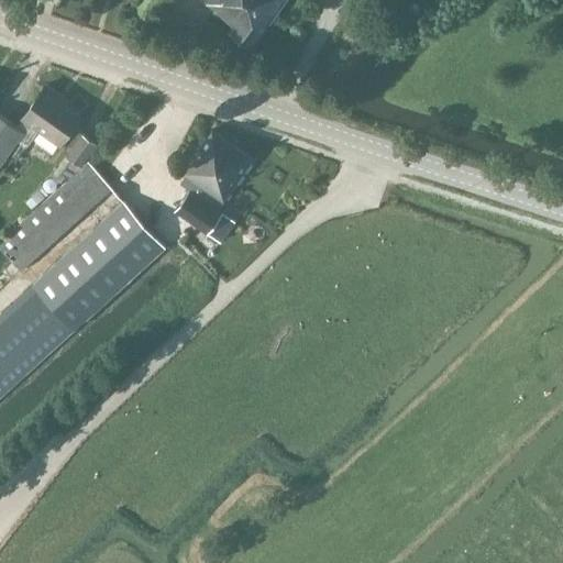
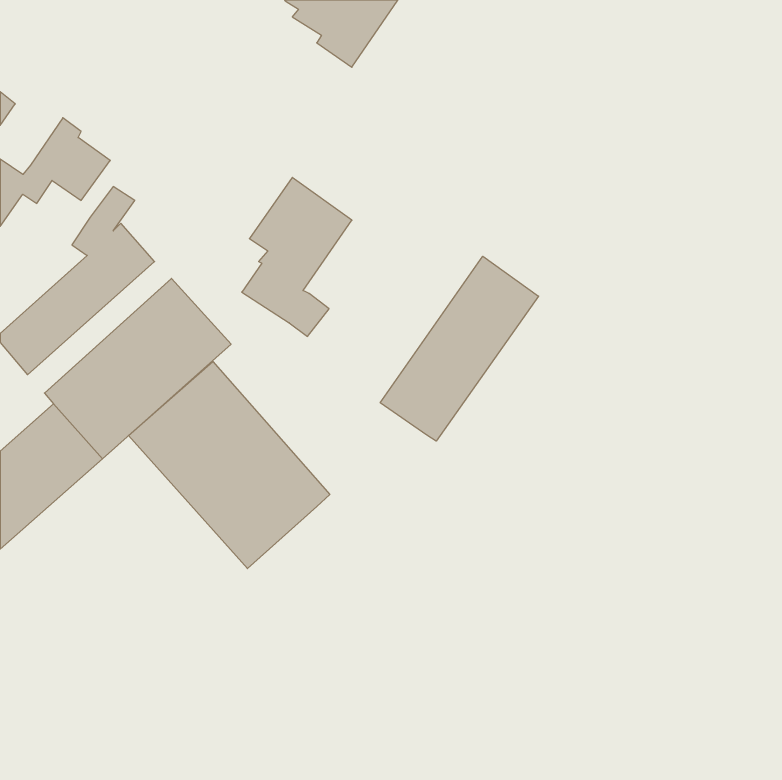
building: none -> [380,256,539,441]
building: none -> [129,361,330,569]

